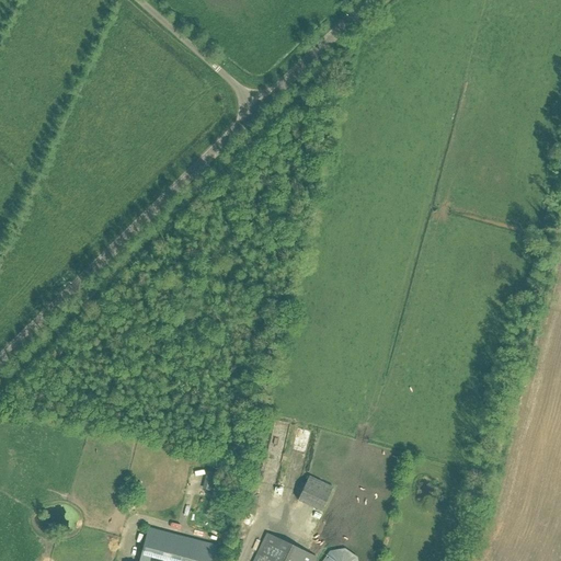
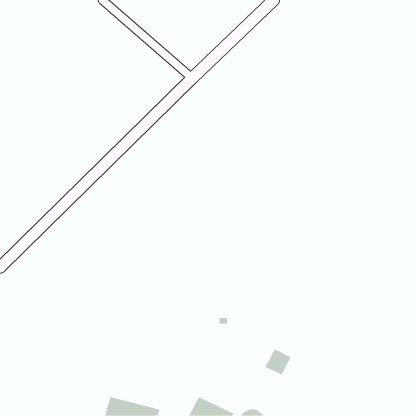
building: [298,474,334,511] -> [265,348,291,375]

